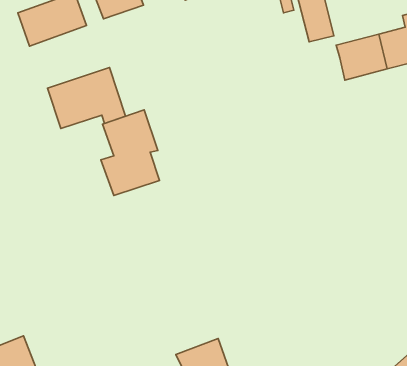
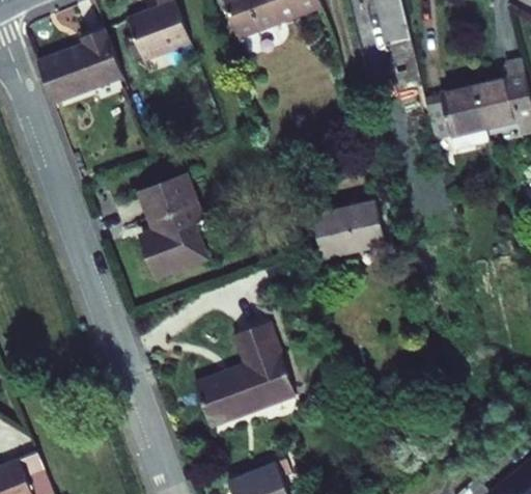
building: [47,67,126,129] -> none
building: none -> [316,208,388,266]
building: none -> [195,328,296,431]

